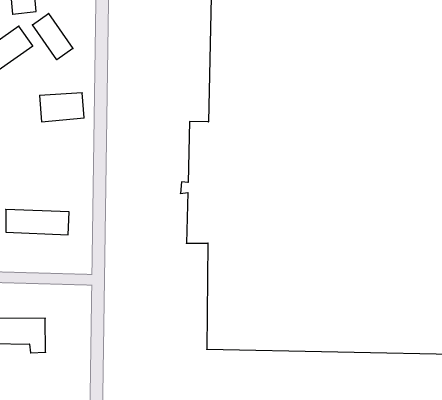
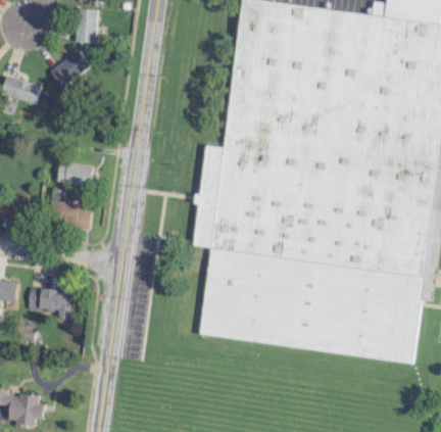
building: [32,13,73,60] -> none
building: [40,93,84,122] -> [56,162,92,185]

